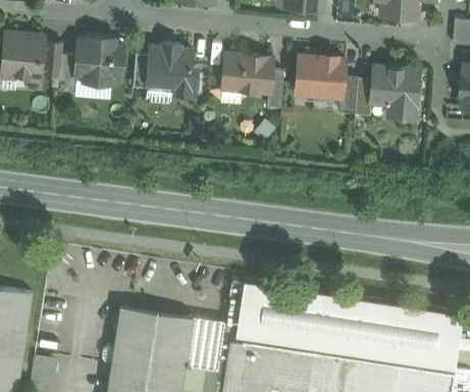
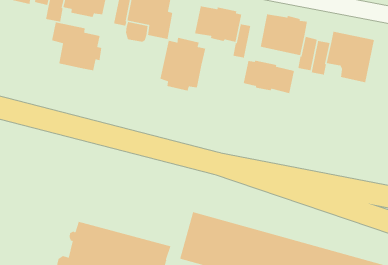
building: none -> [51,21,102,71]
building: none -> [160,37,206,92]
building: none -> [243,60,295,94]

